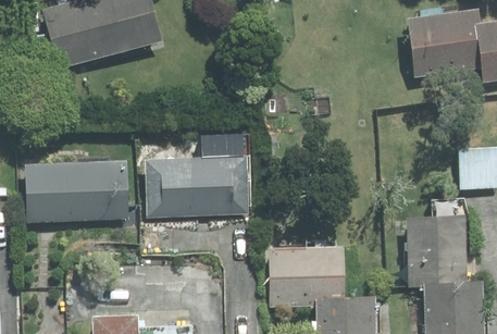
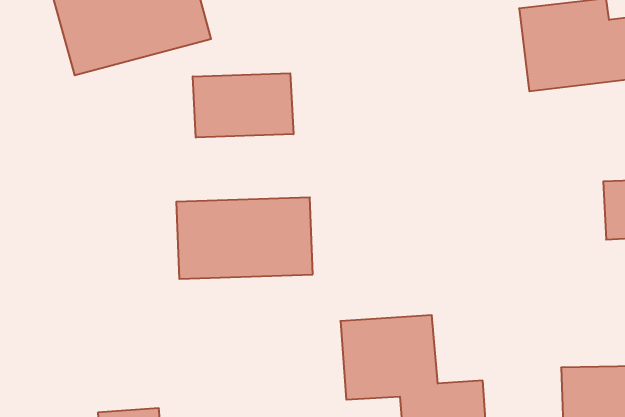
building: none -> [193,73,293,138]
building: [20,160,126,222] -> none
building: [415,213,468,277] -> none

